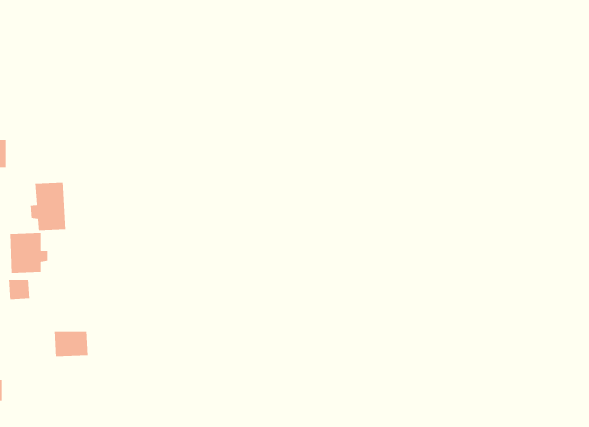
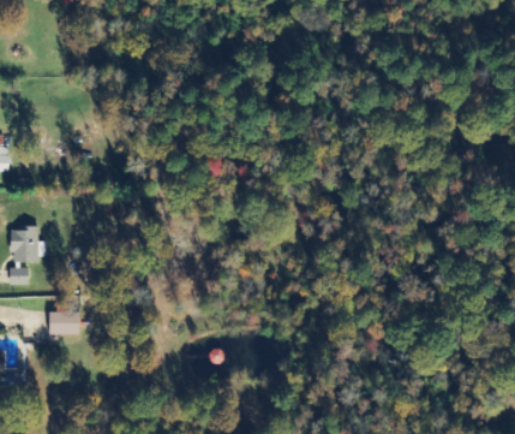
building: [30,182,66,231] -> none

